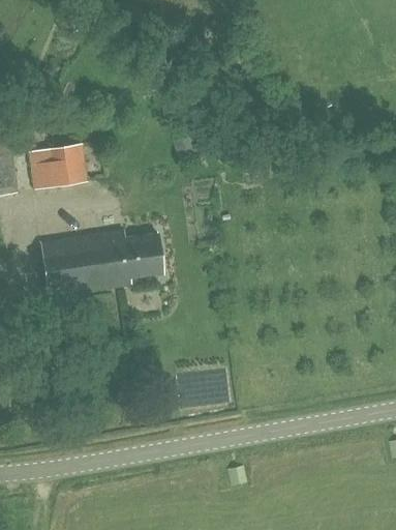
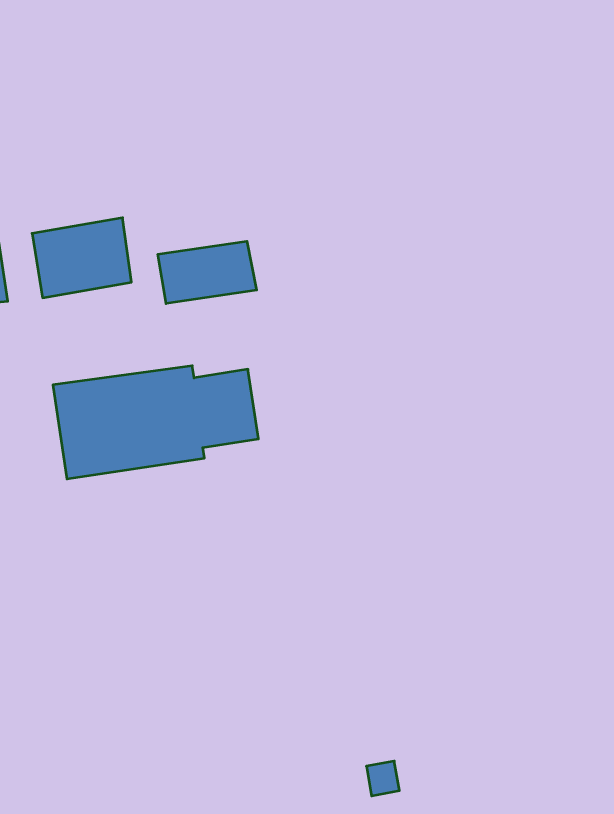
building: none -> [158,241,257,304]

